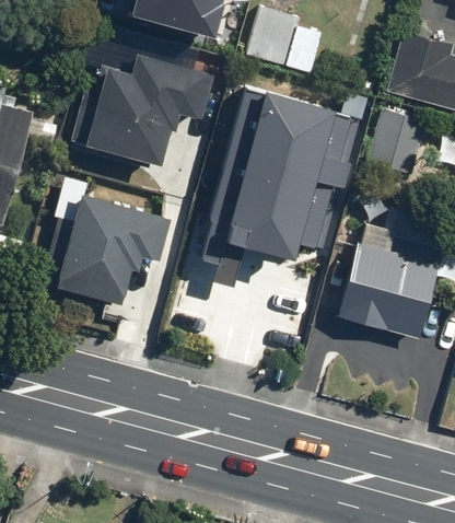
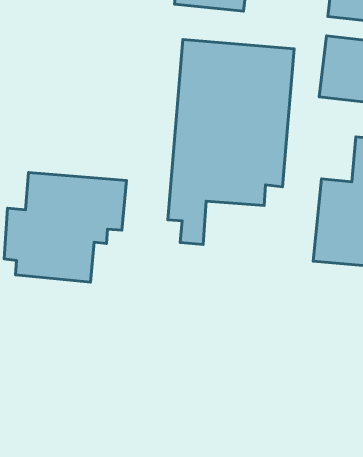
building: [78,53,214,163] -> none

